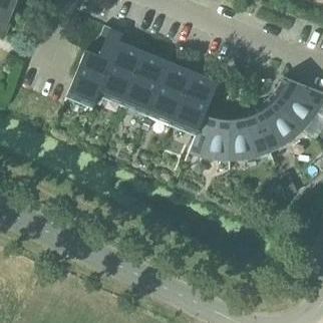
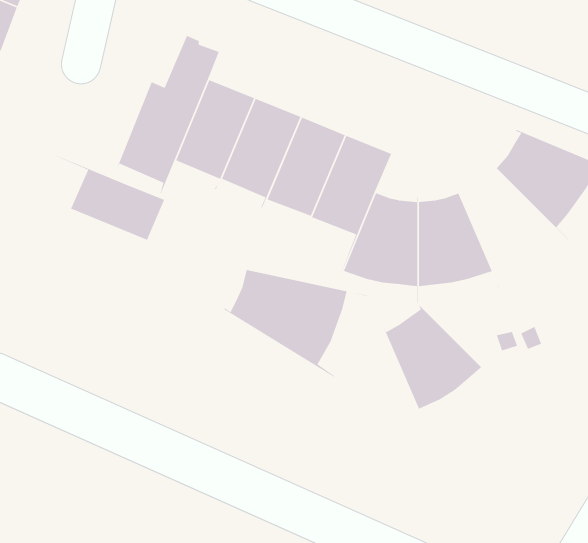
building: none -> [39,148,165,241]
building: [251,94,311,160] -> [383,303,494,426]
building: none -> [224,269,369,378]

